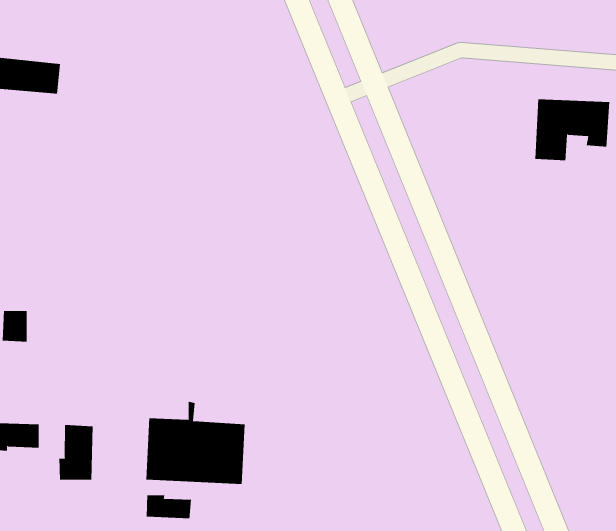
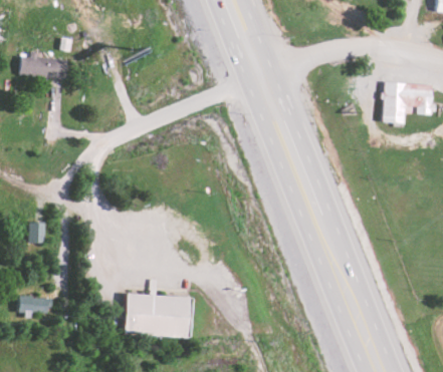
building: [59,424,93,481] -> none
building: [146,494,192,519] -> none

